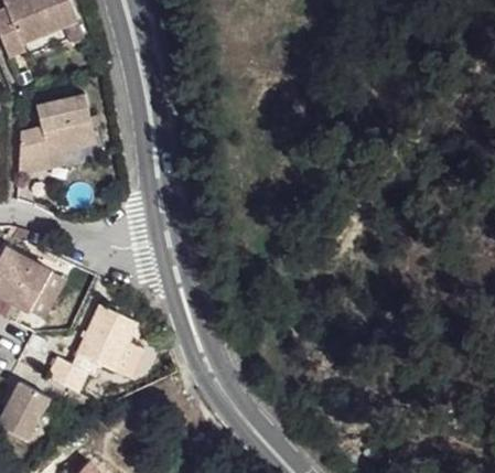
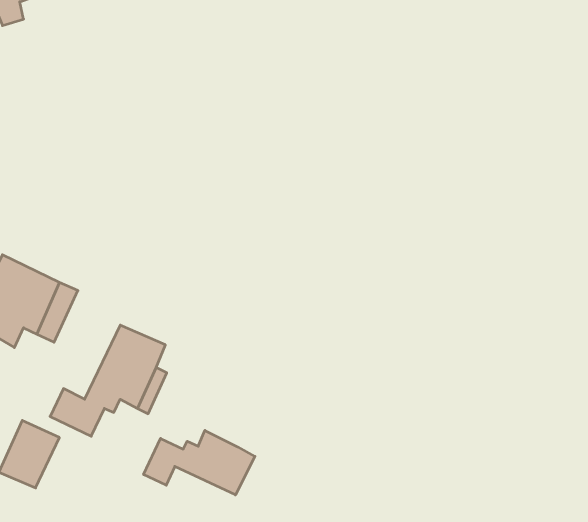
building: [17,97,95,181] -> none
building: none -> [144,430,255,495]

